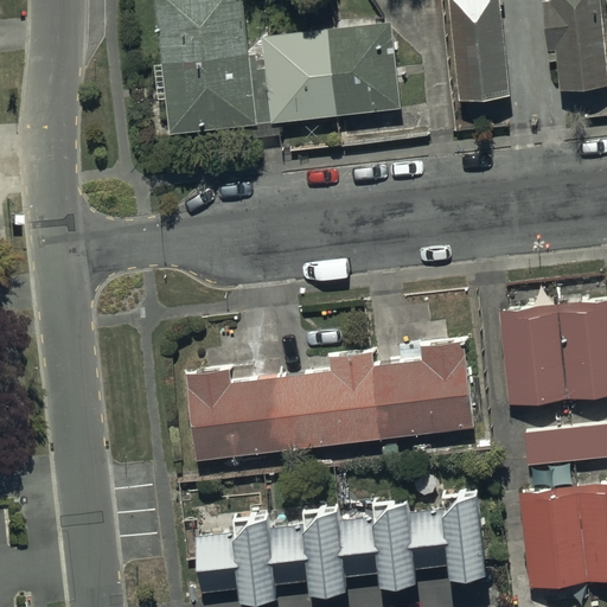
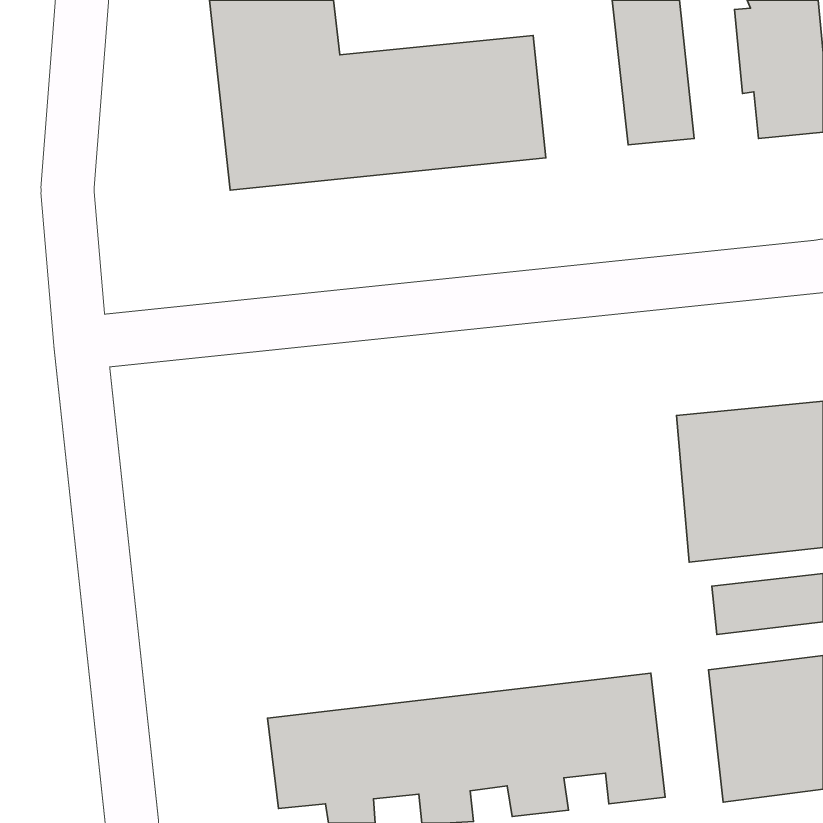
building: [189,338,473,456] -> none

